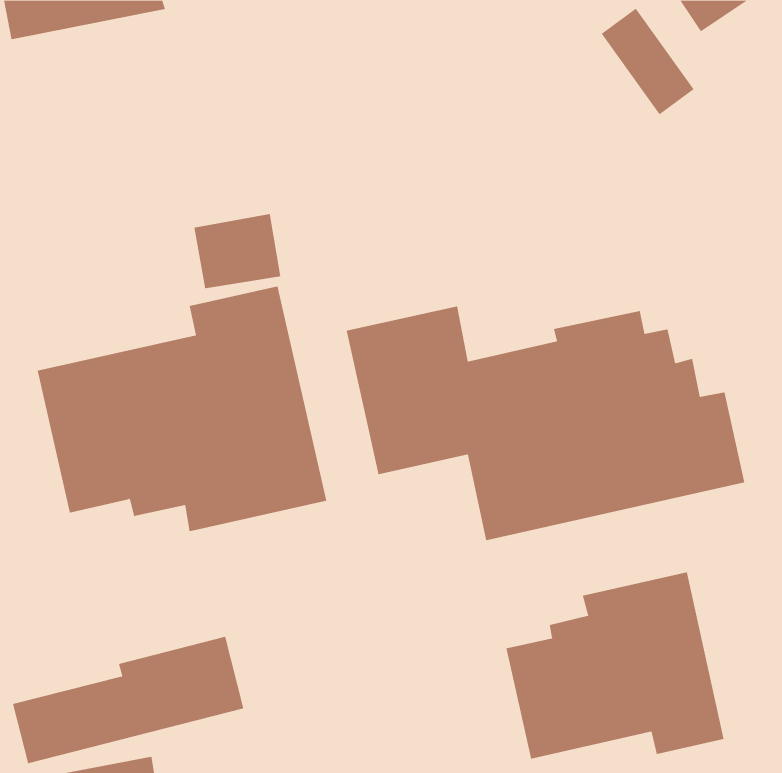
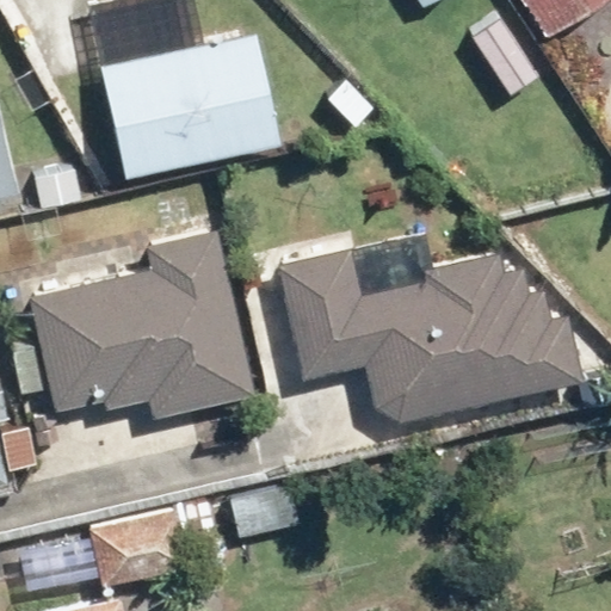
building: none -> [99,32,280,177]
building: [506,571,724,759] -> none

